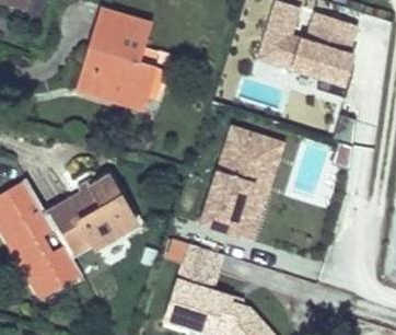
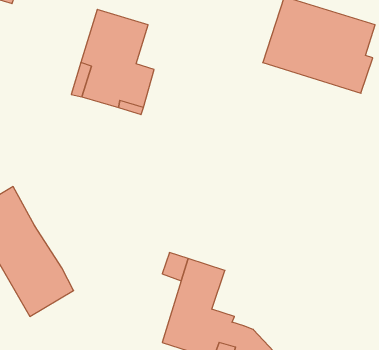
building: [201,128,286,241] -> none
building: [45,176,135,253] -> none

